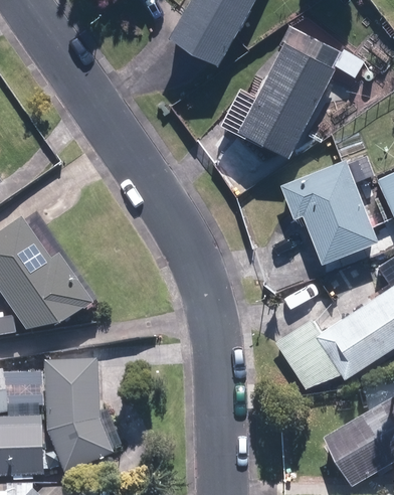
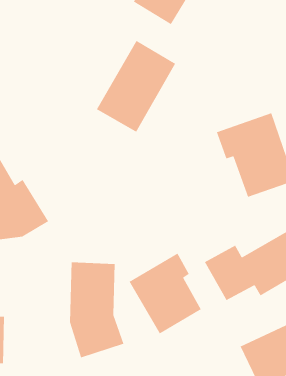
building: [241,41,334,152] -> [96,40,176,133]
building: none -> [128,253,202,334]
building: [45,359,115,475] -> [69,262,124,358]

